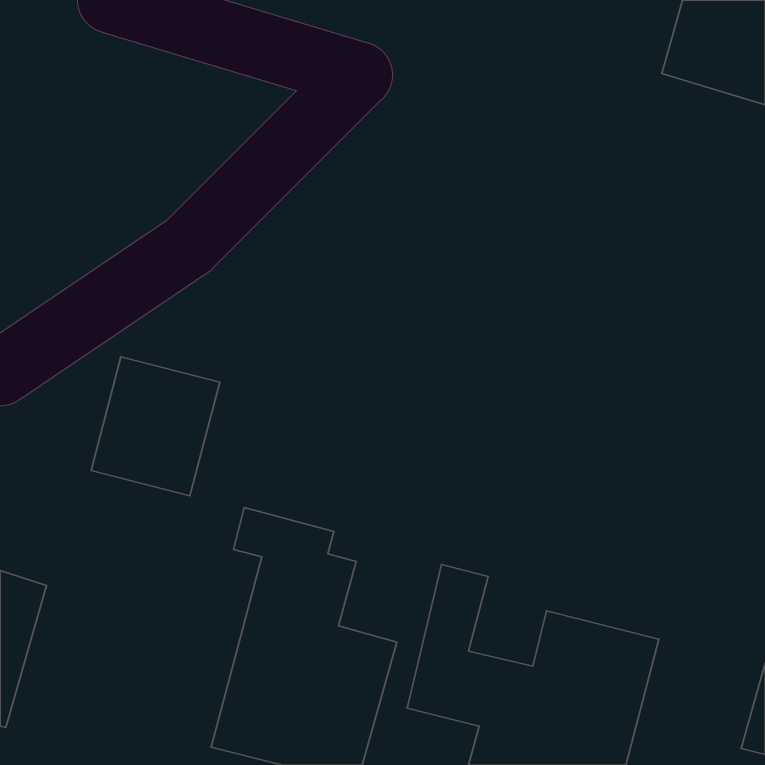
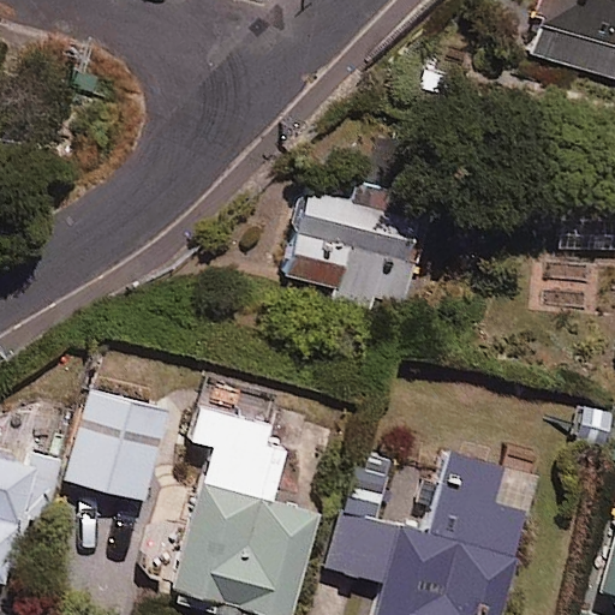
building: none -> [283,183,430,309]
building: [91,357,220,496] -> [65,389,168,501]

